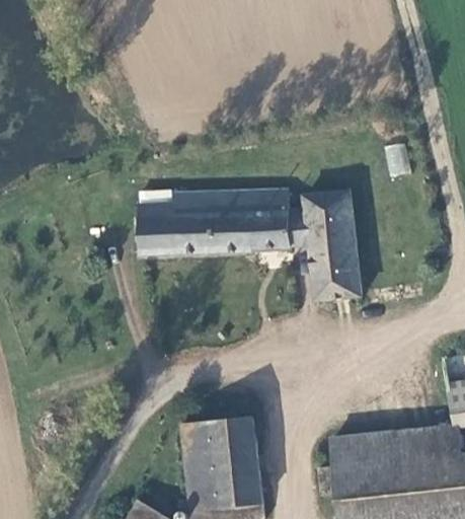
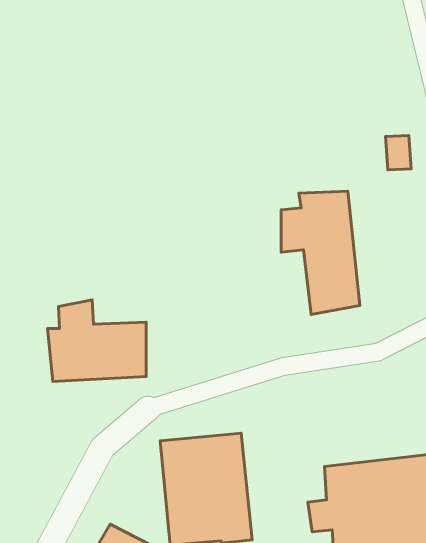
building: [142,192,291,258] -> none
building: none -> [48,300,146,382]

